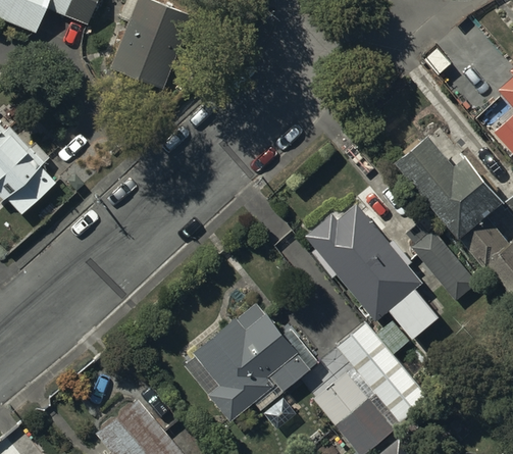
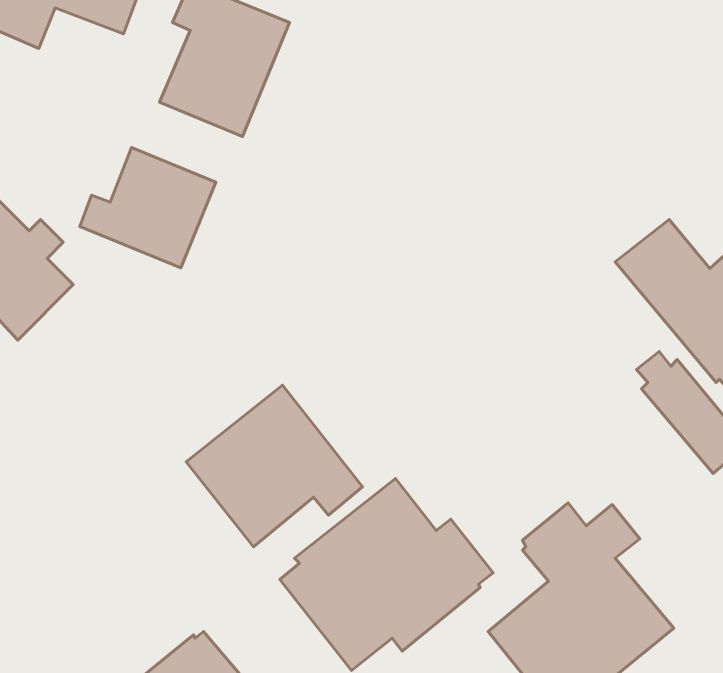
building: none -> [80,148,216,268]
building: [305,203,440,340] -> none
building: none -> [186,385,363,547]

